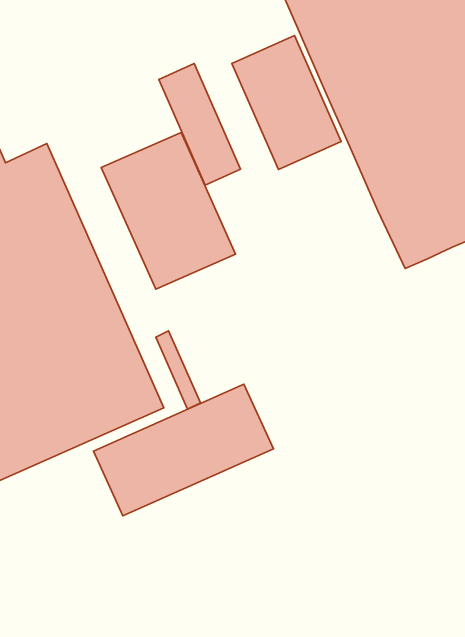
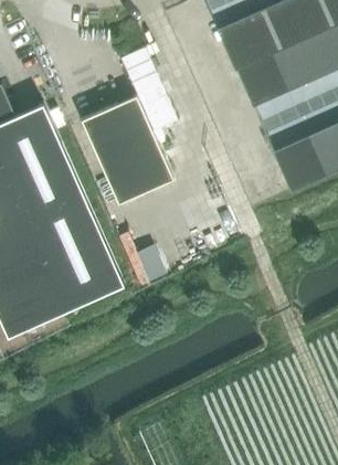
building: [232,35,341,169] -> none
building: [93,384,273,516] -> none

